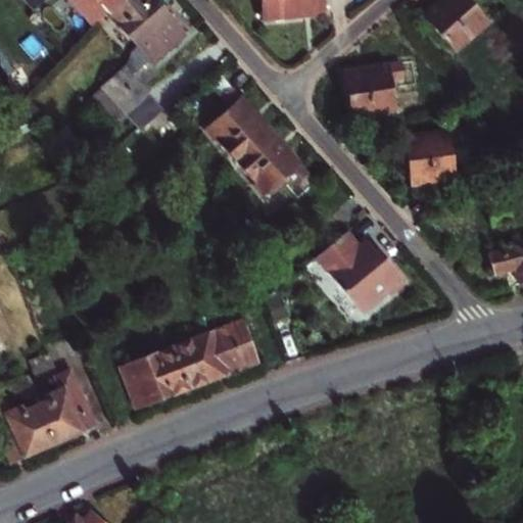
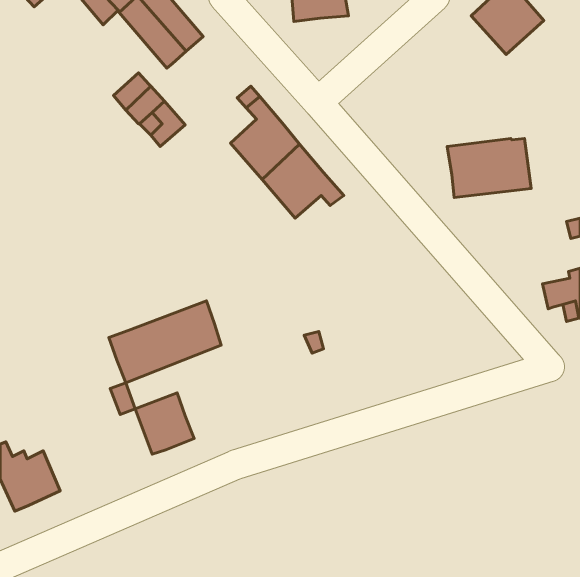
building: [346,61,405,116] -> none
building: [318,234,396,304] -> none
building: [159,321,260,394] -> [109,301,221,383]
building: [39,367,96,441] -> none

